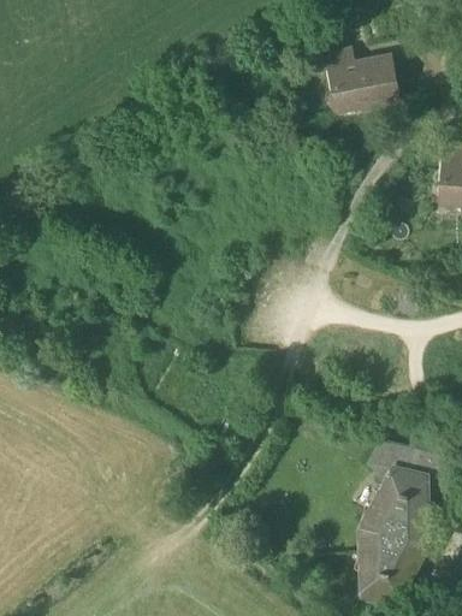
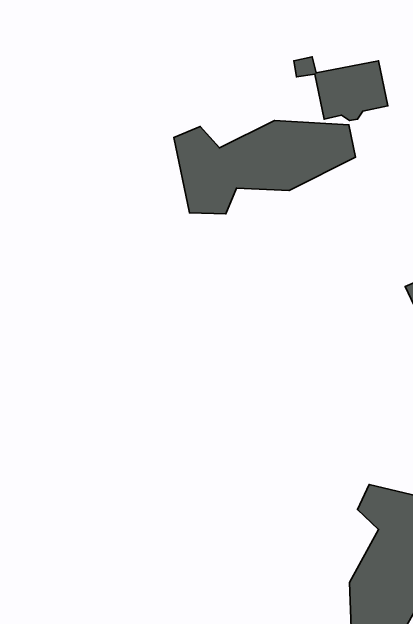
building: none -> [174,121,355,214]

